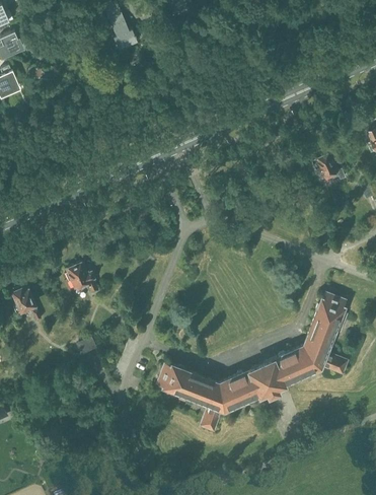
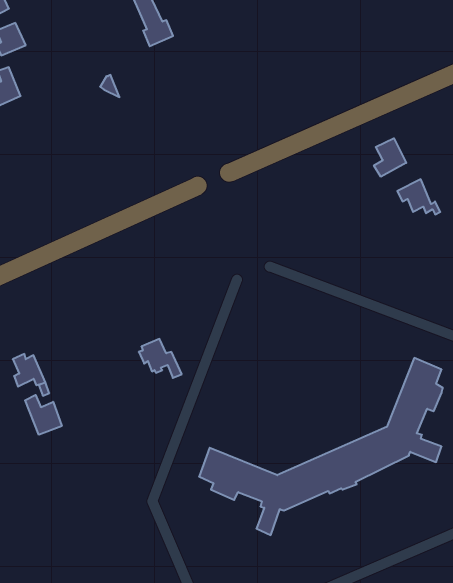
building: none -> [374,138,406,177]
building: [65,266,98,296] -> [139,339,182,378]
building: none -> [25,395,62,435]

